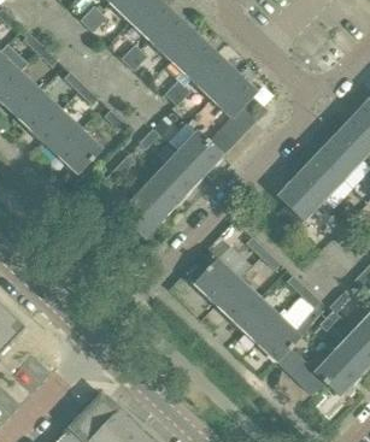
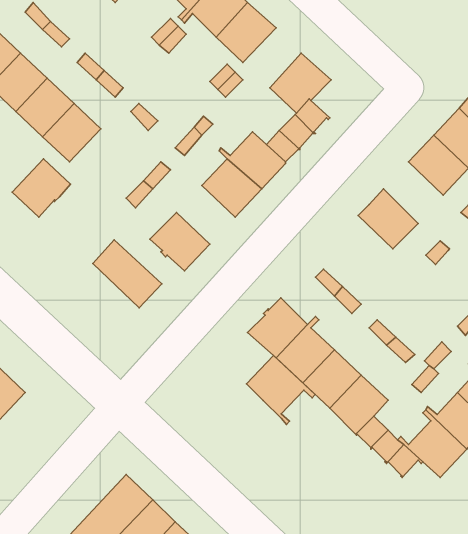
building: [189,51,234,96] -> none
building: [57,128,101,172] -> [12,159,70,217]
building: [296,153,342,200] -> none
building: [139,171,183,216] -> none
building: none -> [93,240,162,308]
building: none -> [247,356,315,424]

